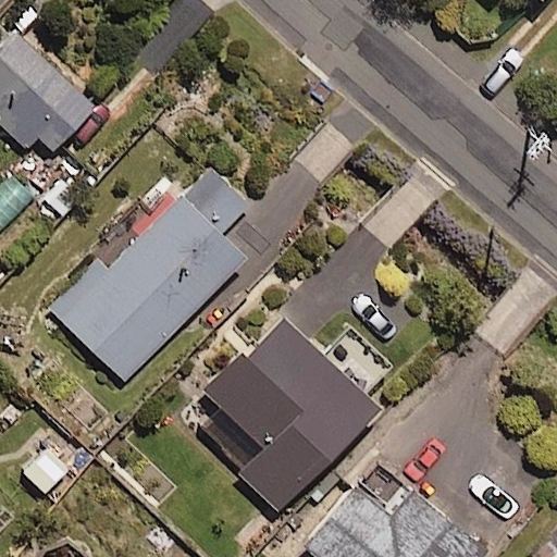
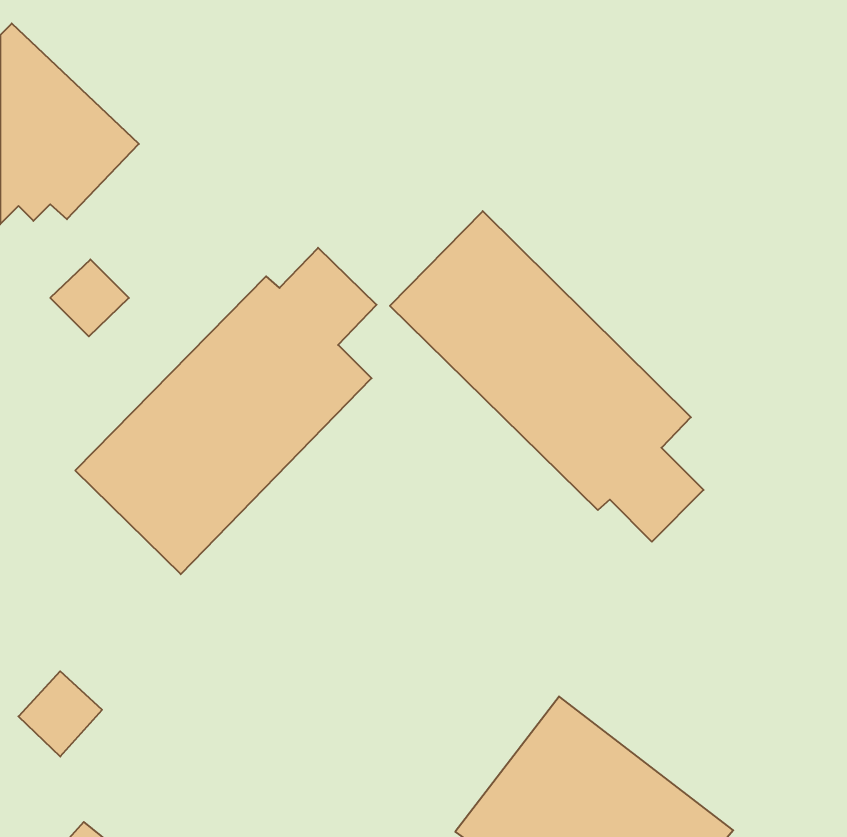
building: none -> [390,211,704,542]
building: [200,313,386,513] -> none

